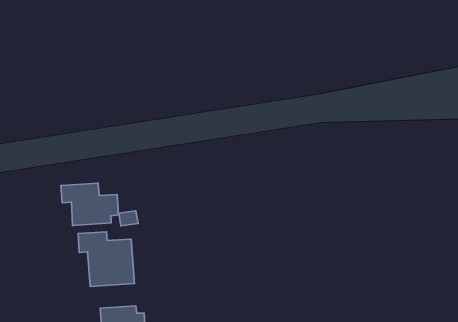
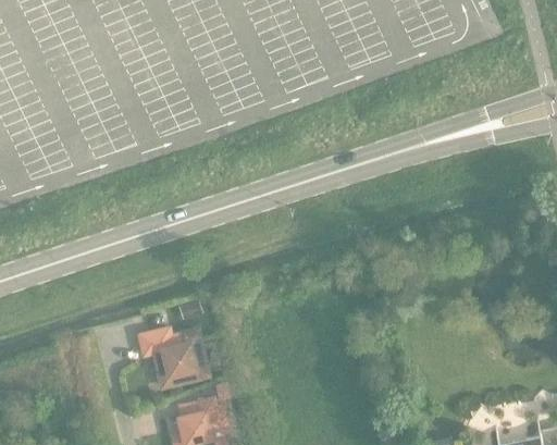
building: [61,183,119,225] -> none

